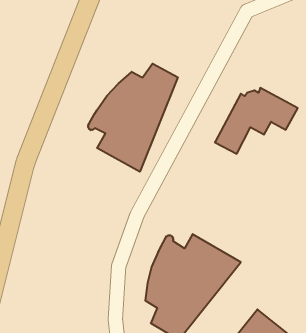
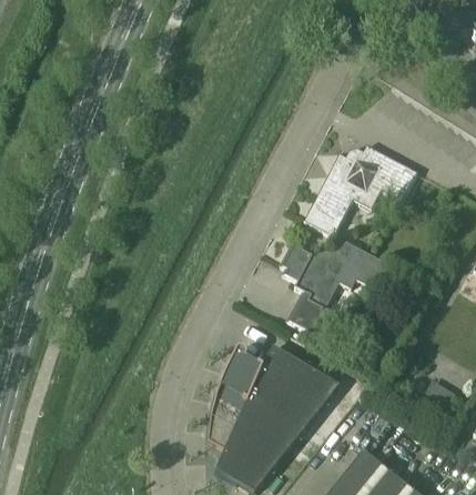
building: [88,64,178,172] -> none
building: none -> [280,238,386,334]

